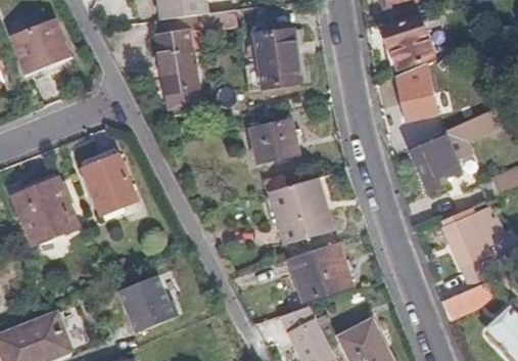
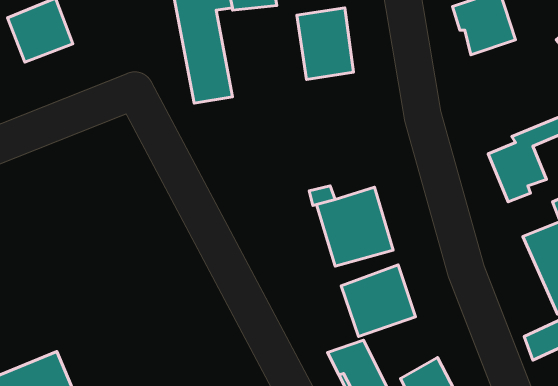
building: [395,61,438,120] -> none
building: [248,119,299,164] -> none
building: [83,154,137,215] -> none
building: [15,179,76,240] -> none
building: [119,275,178,333] -> none

